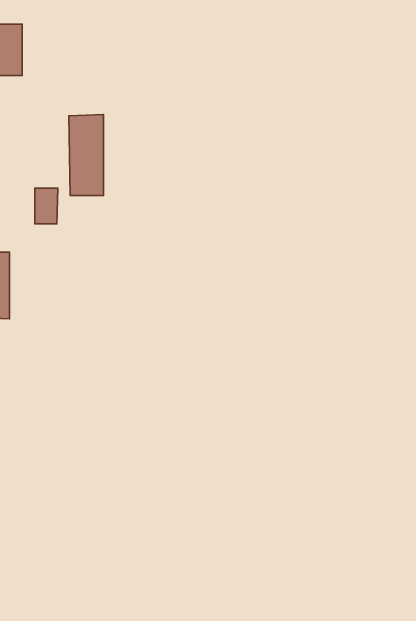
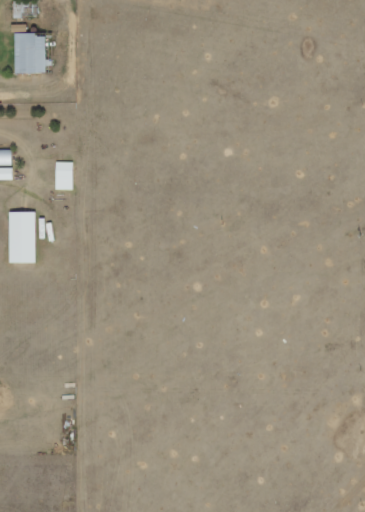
building: [69,114,104,196] -> none

